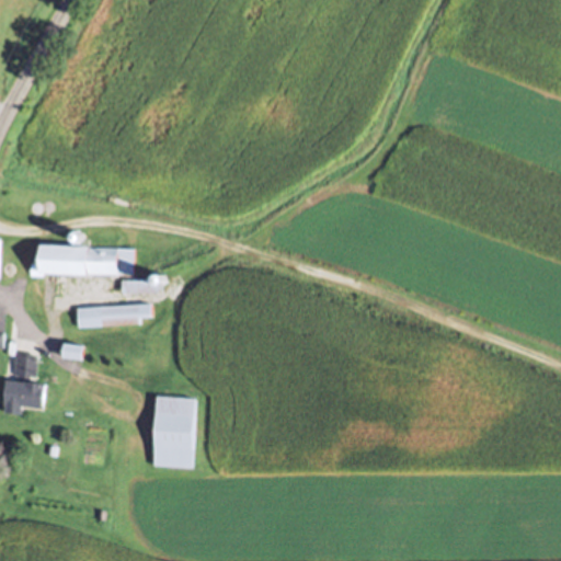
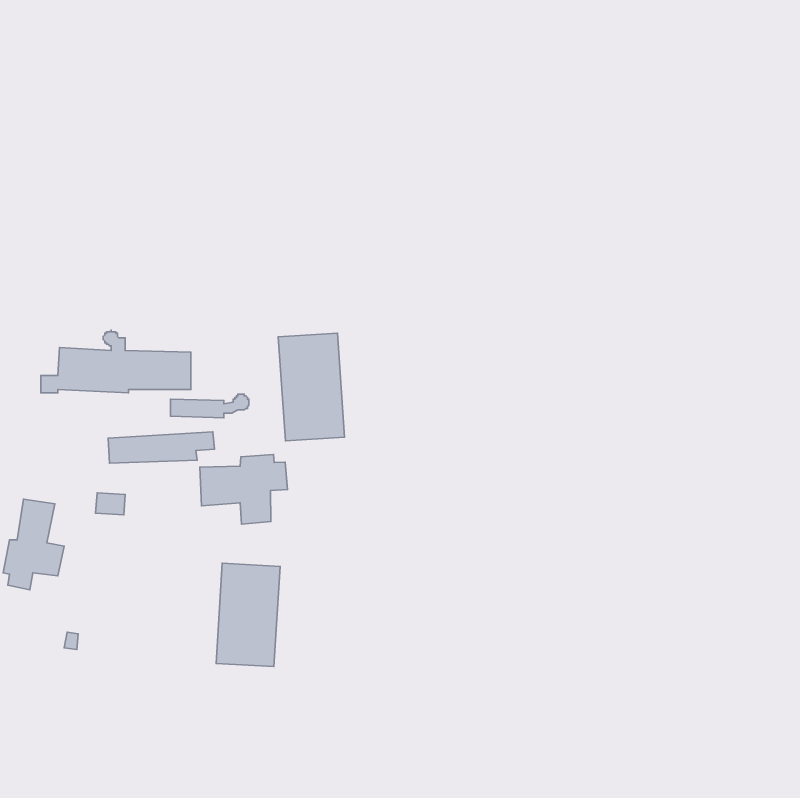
building: none -> [278,333,345,441]
building: none -> [200,454,287,524]

